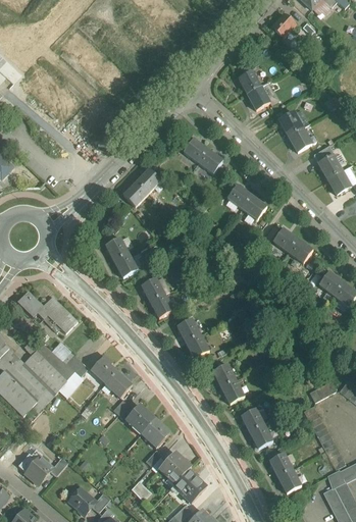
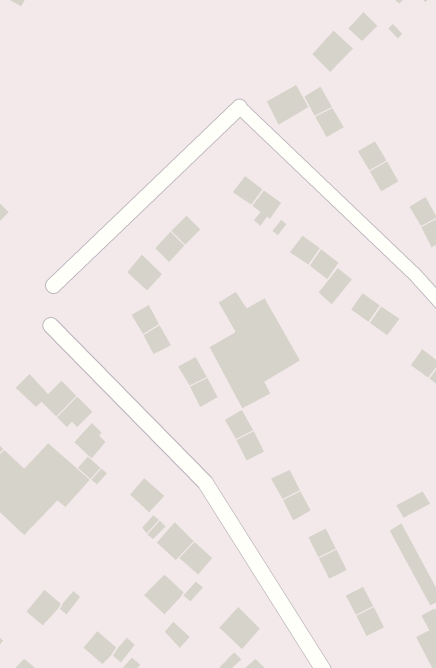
building: none -> [312,30,354,73]
building: none -> [266,84,309,126]
building: none -> [126,254,163,291]
building: none -> [318,267,353,305]
building: none -> [209,291,301,409]
building: [91,355,116,383] -> [73,422,107,459]
building: [159,452,191,483] -> [143,574,184,615]

